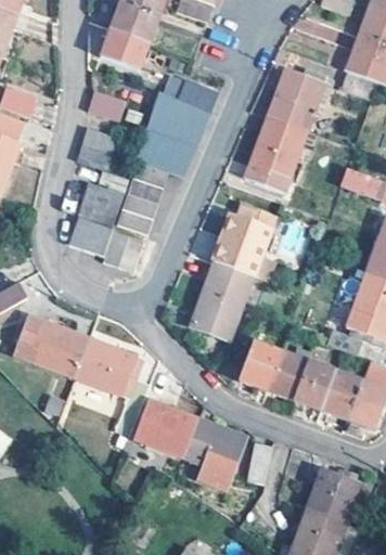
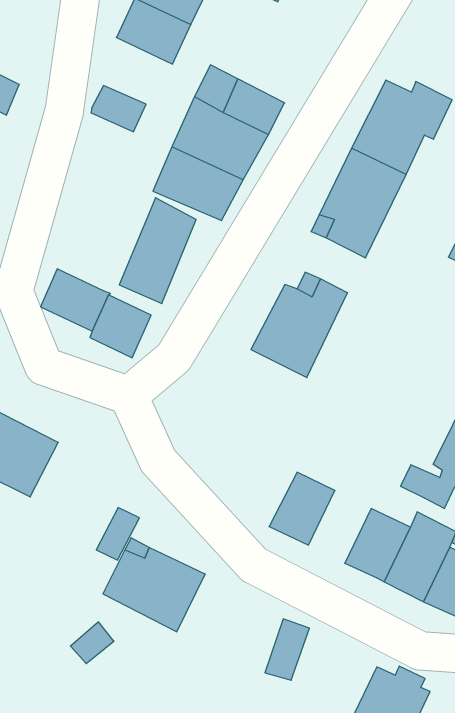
building: [76,128,114,168] -> none
building: [76,179,124,231] -> none
building: [190,260,254,339] -> none
building: [74,337,141,395] -> none
building: [267,350,307,399] -> none
building: [183,416,246,488] -> none

